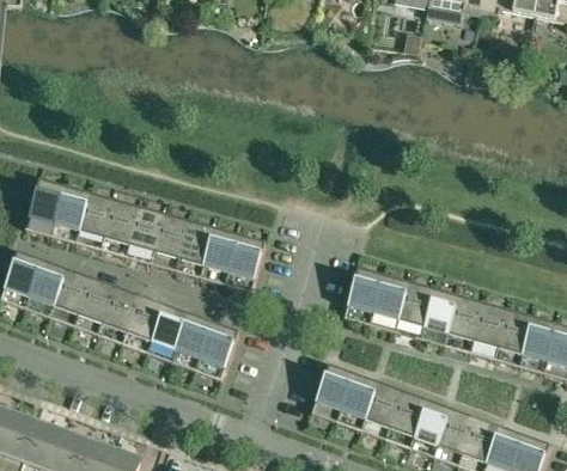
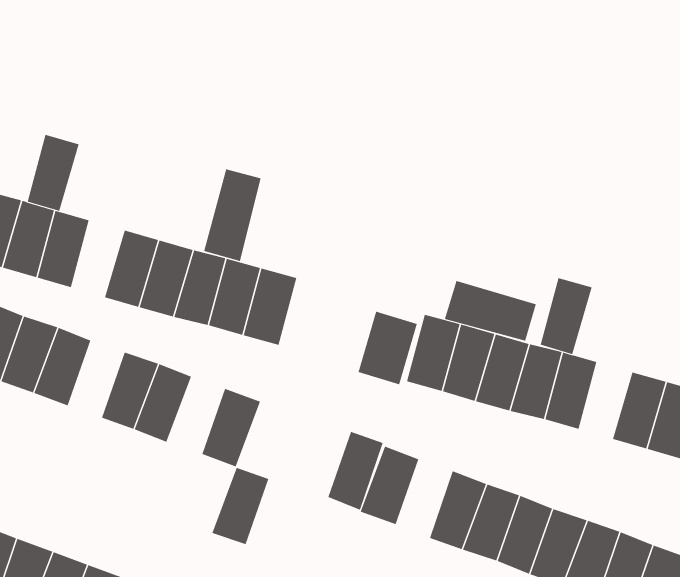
building: none -> [204,168,261,262]
building: [100,198,139,255] -> [27,134,80,212]
building: none -> [444,280,536,341]
building: none -> [358,311,418,385]
building: [98,286,139,342] -> none
building: [469,301,507,357] -> [540,277,593,355]
building: [170,312,212,368] -> [211,467,269,545]
building: [336,372,377,429] -> [327,431,383,510]

